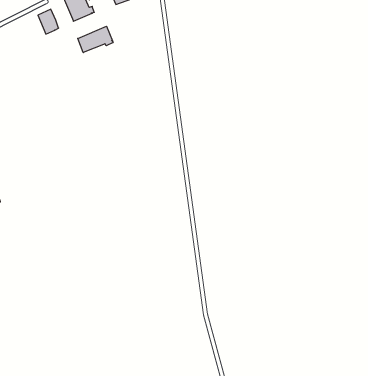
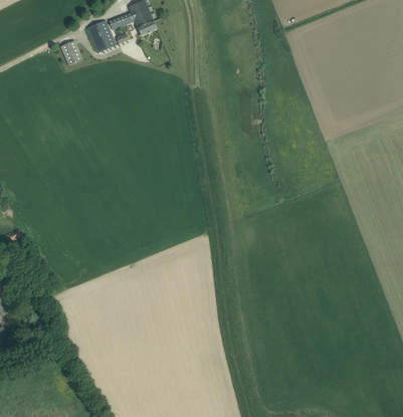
building: [78,26,113,53] -> none

